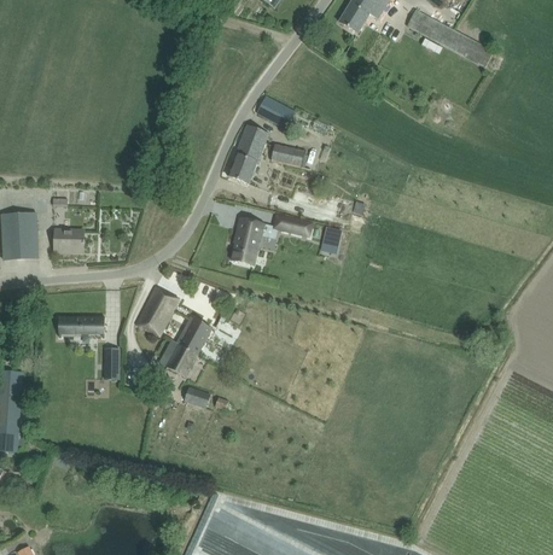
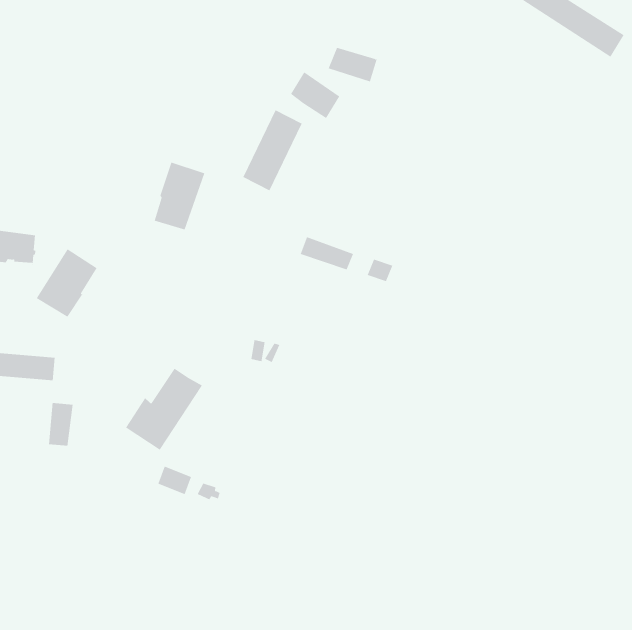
building: [269,144,304,166] -> [328,47,377,82]
building: [229,216,263,264] -> [154,162,205,230]
building: [135,286,177,335] -> [36,249,97,318]

